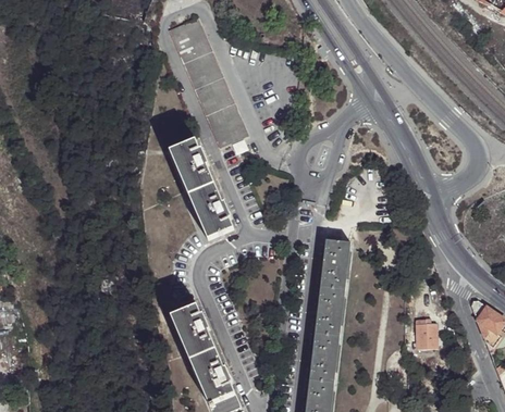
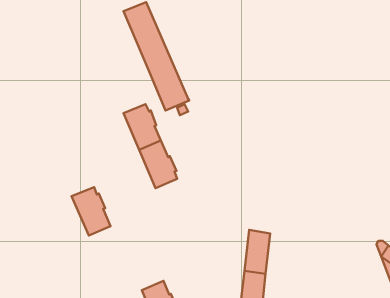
building: [319,237,350,292] -> none
building: [170,302,217,360] -> [71,187,111,235]
building: [419,324,441,355] -> none

